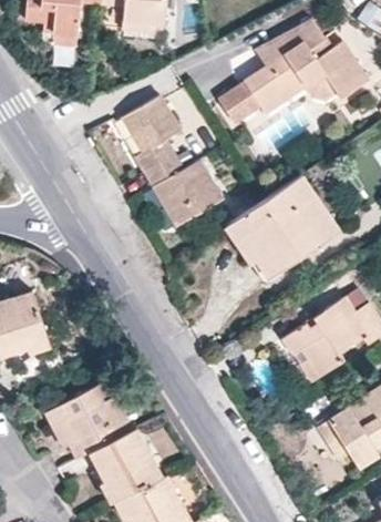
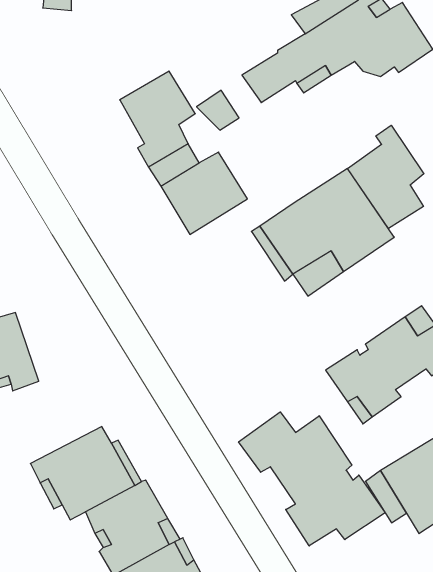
building: none -> [348,125,424,229]
building: none -> [239,412,385,546]

